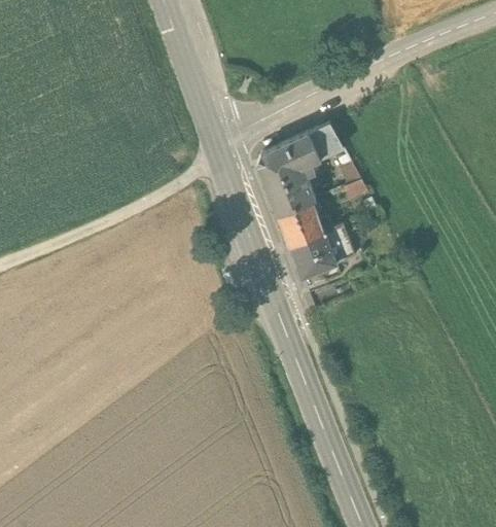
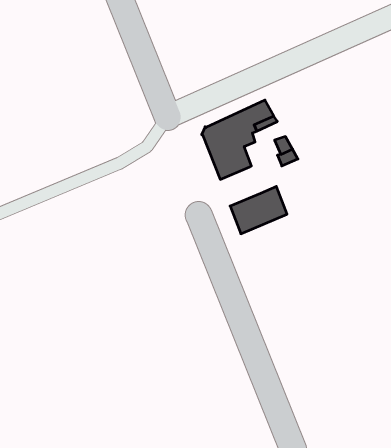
building: [279,200,325,245] -> none

